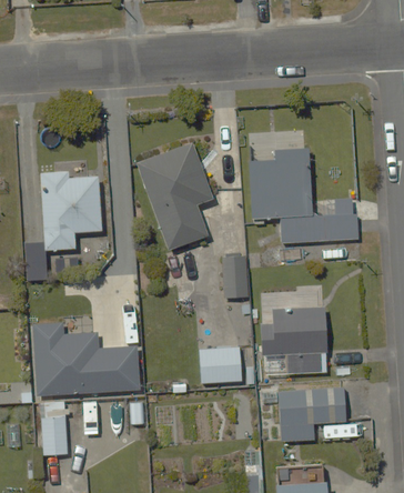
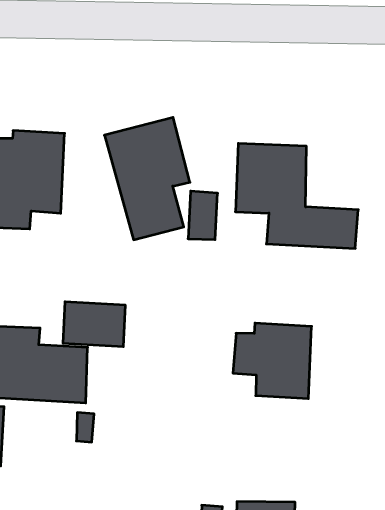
building: [222,255,246,296] -> [188,191,218,240]
building: [199,345,252,382] -> [63,302,125,347]
building: [275,386,344,449] -> none

